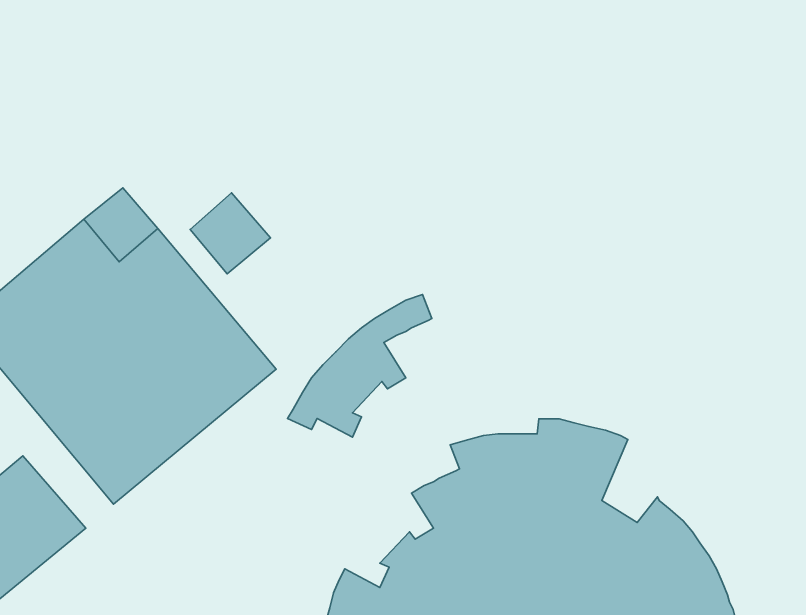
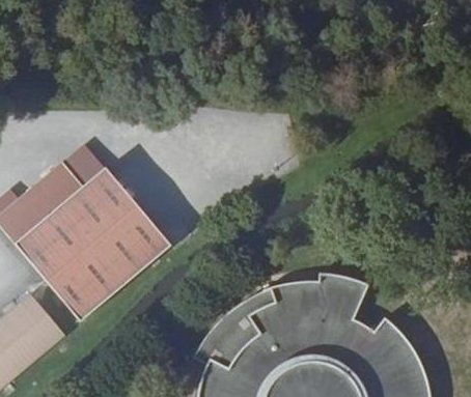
building: [190,193,270,274] -> none
building: [288,295,432,437] -> [192,289,273,369]

